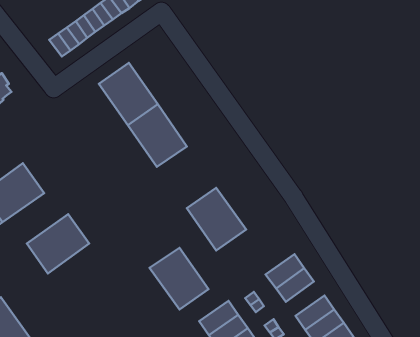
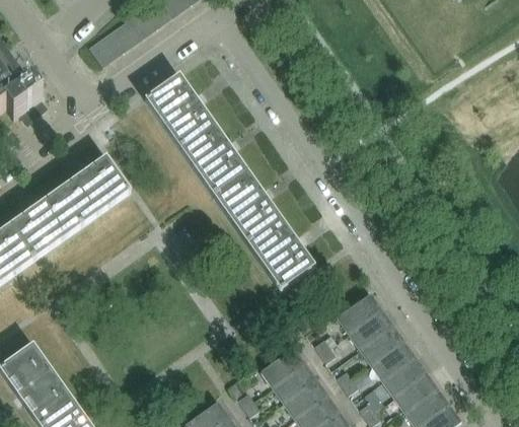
building: [27,214,89,273] -> [59,156,131,224]
building: [149,248,209,309] -> [213,170,281,241]
building: none -> [361,326,405,365]

